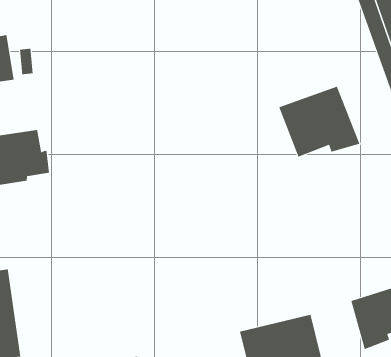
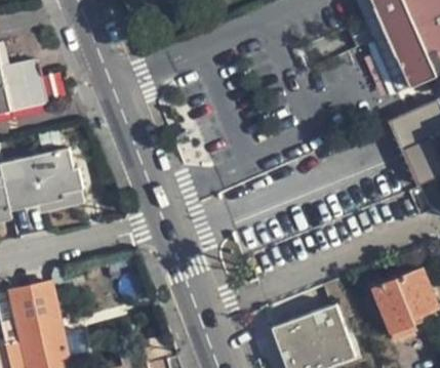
building: [278,86,360,157] -> none

